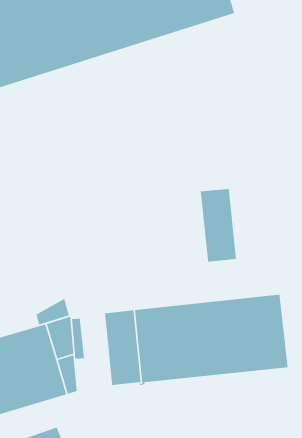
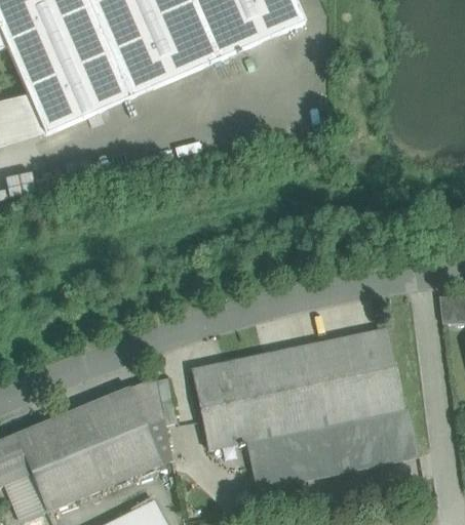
building: [200,188,237,263] -> none
building: [35,298,70,325] -> none
building: none -> [246,409,419,489]

